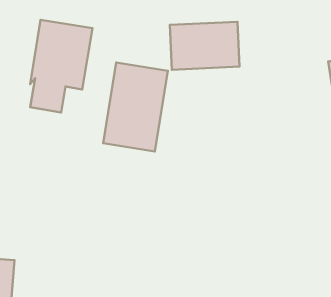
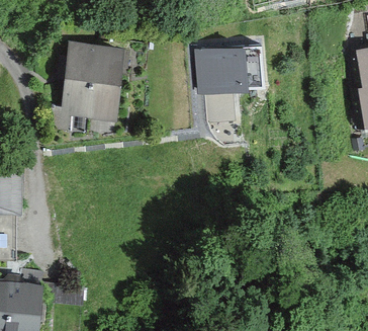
building: [103,63,168,152] -> none

